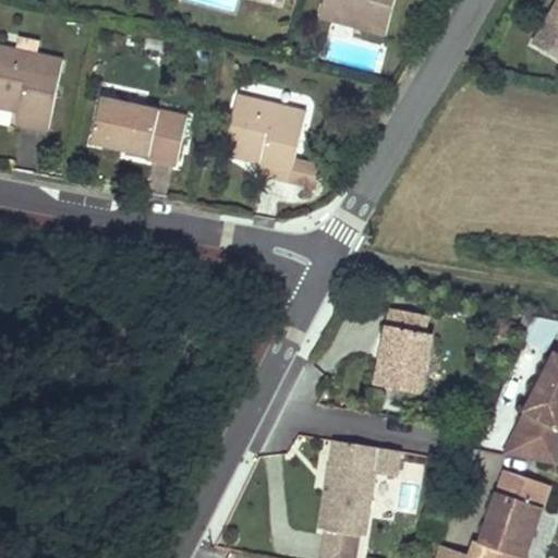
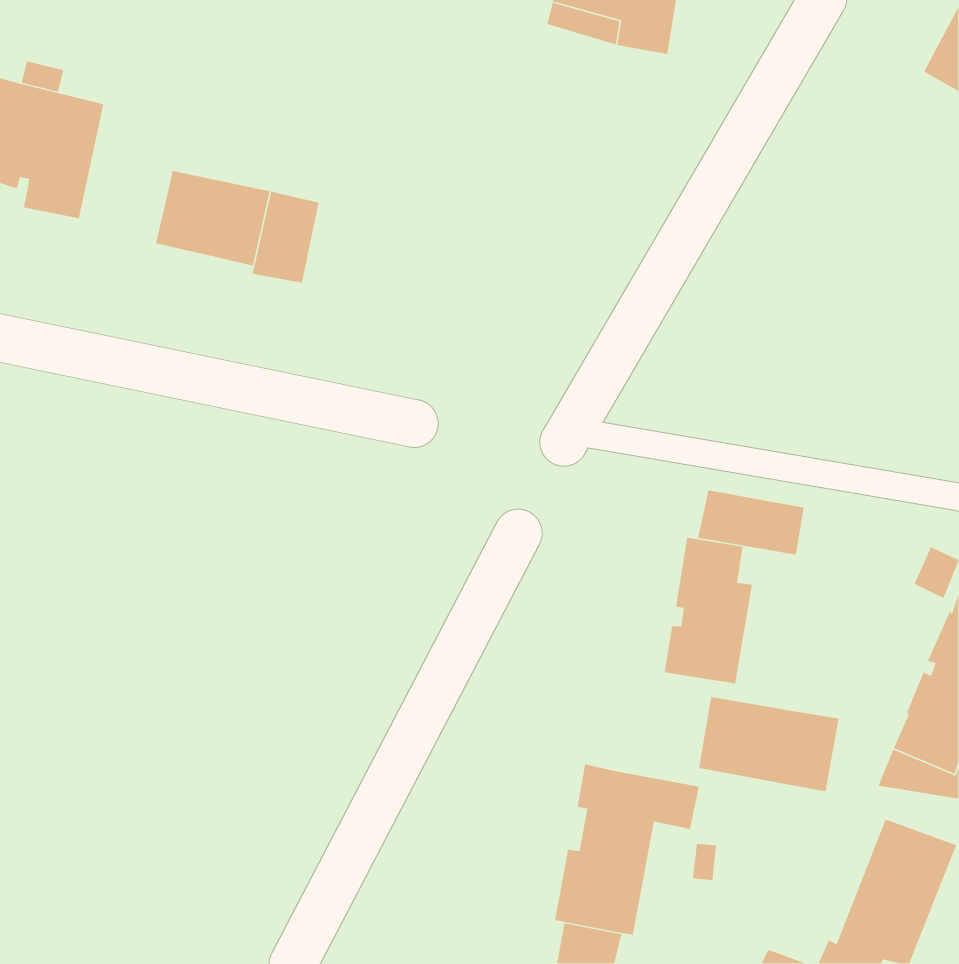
building: [220,95,318,186] -> none
building: none -> [697,489,805,555]
building: none -> [698,696,839,792]

